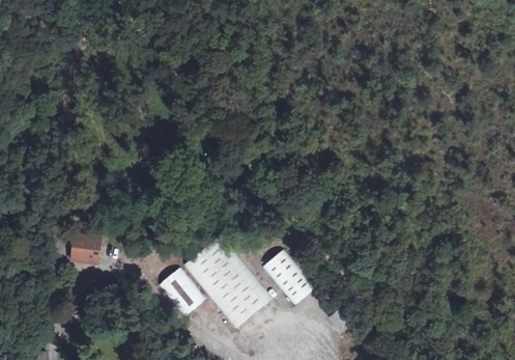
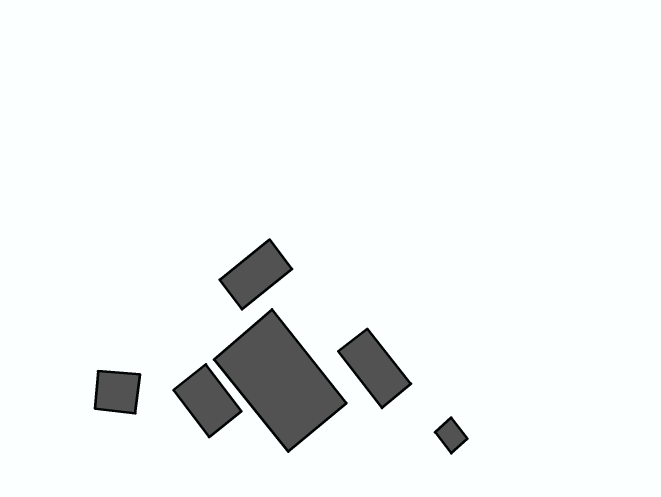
building: none -> [220,240,292,309]
building: [74,238,103,265] -> [95,371,140,413]

